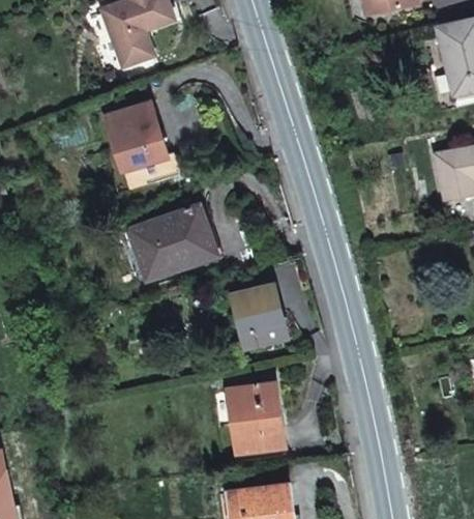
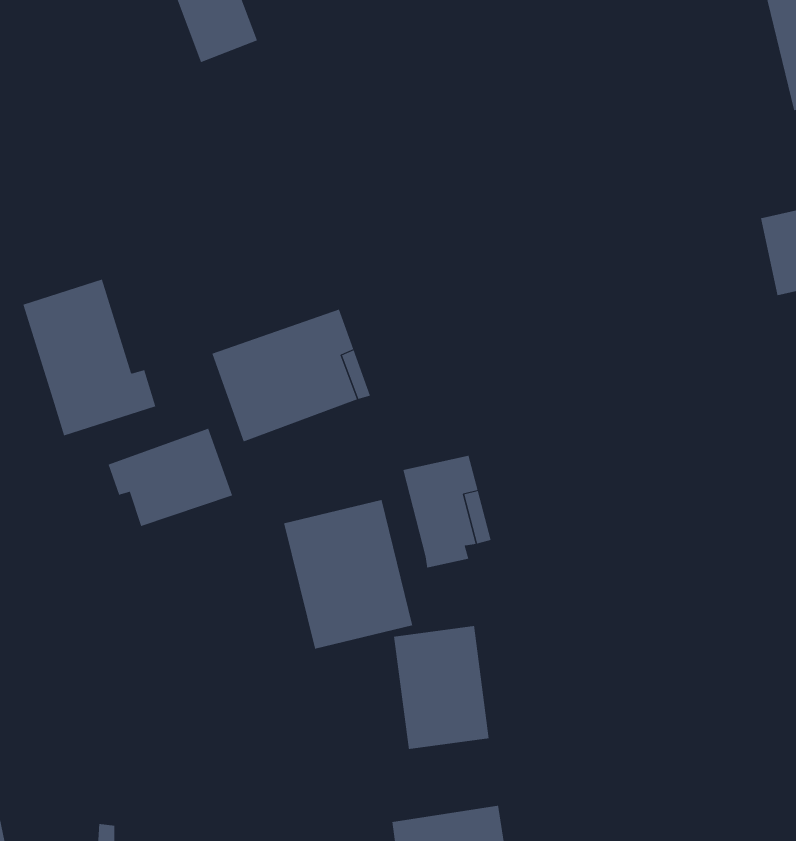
building: [105,102,179,190] -> [23,279,156,436]
building: none -> [108,428,233,527]
building: none -> [284,499,413,650]

